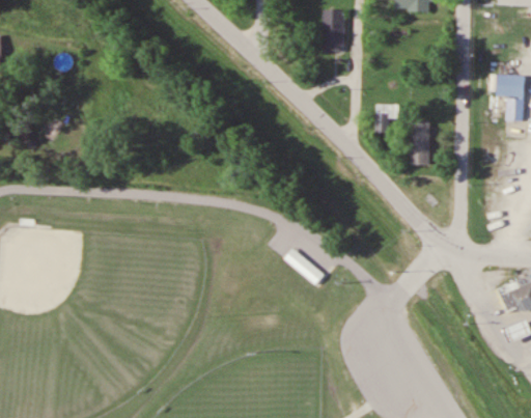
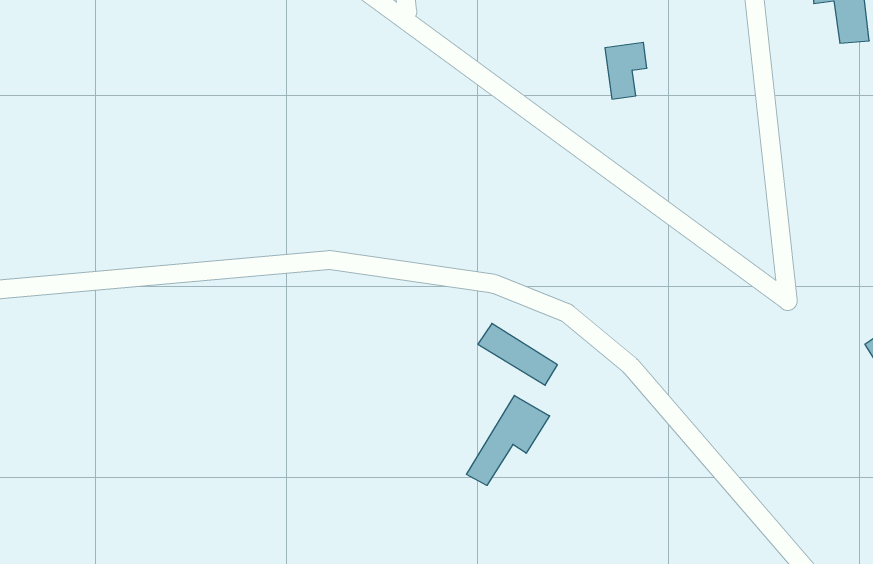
building: [410,120,429,165] -> none
building: none -> [466,395,550,485]

